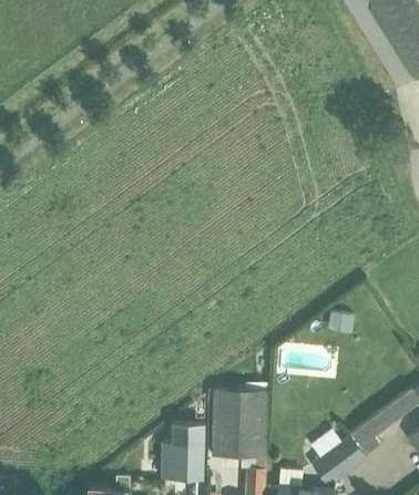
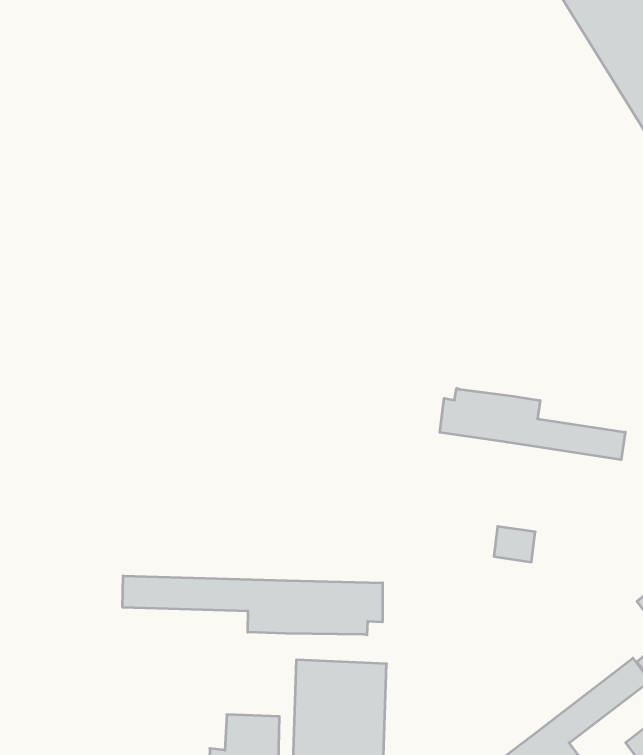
building: none -> [440,388,625,460]
building: none -> [123,576,383,635]

